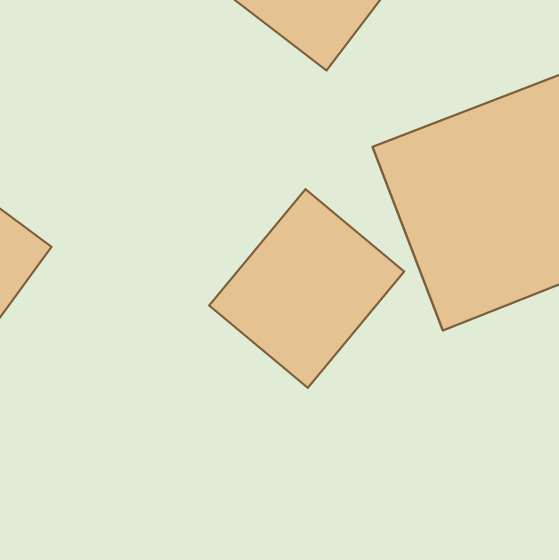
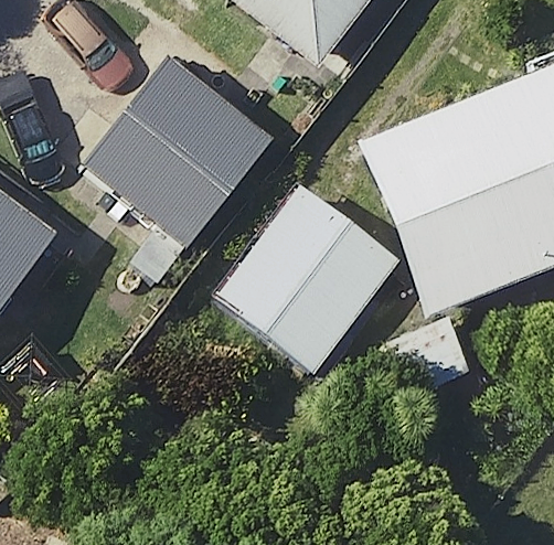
building: none -> [87,62,267,279]

